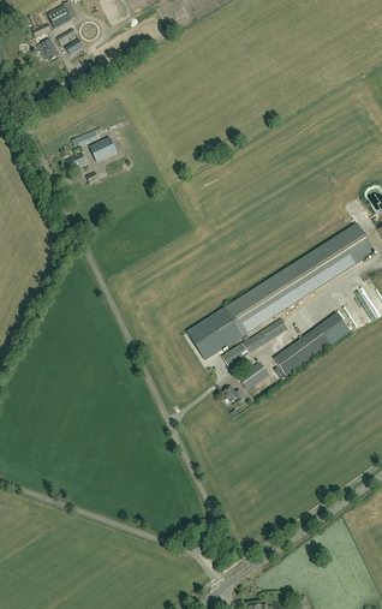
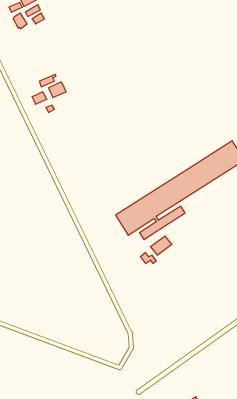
building: [274,311,351,376] -> none

